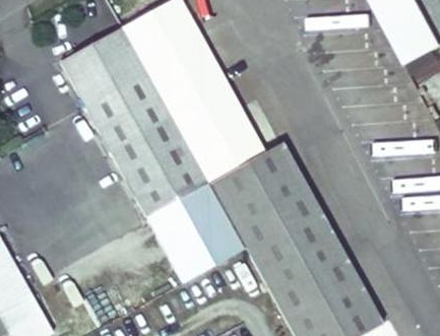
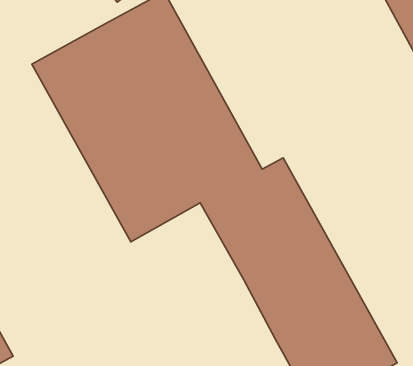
building: [148,183,248,285] -> none

